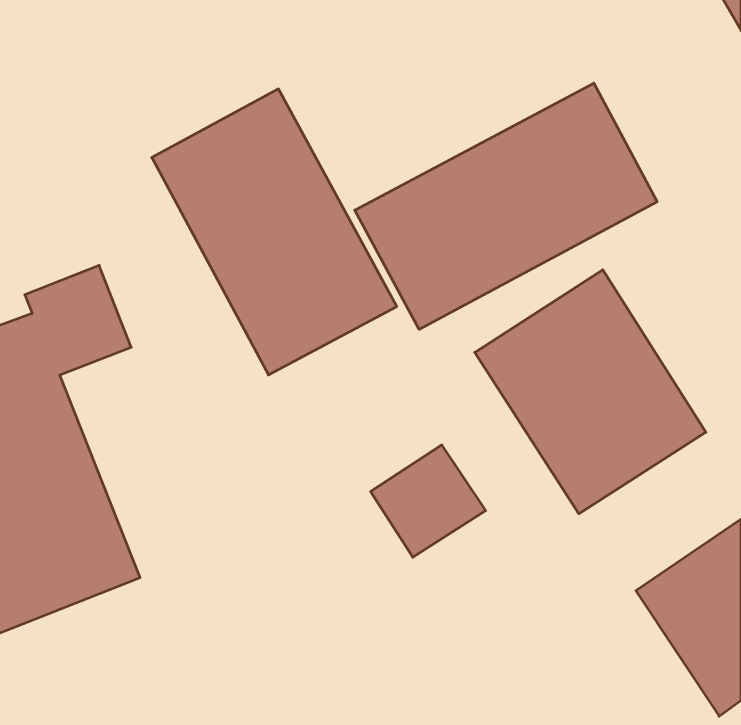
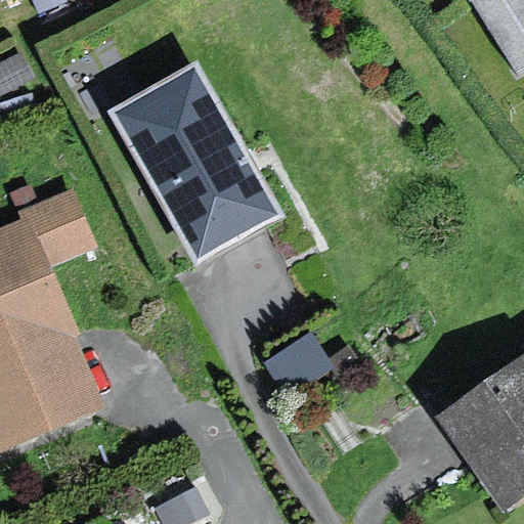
building: [355,83,657,329] -> none
building: [475,270,706,514] -> none

